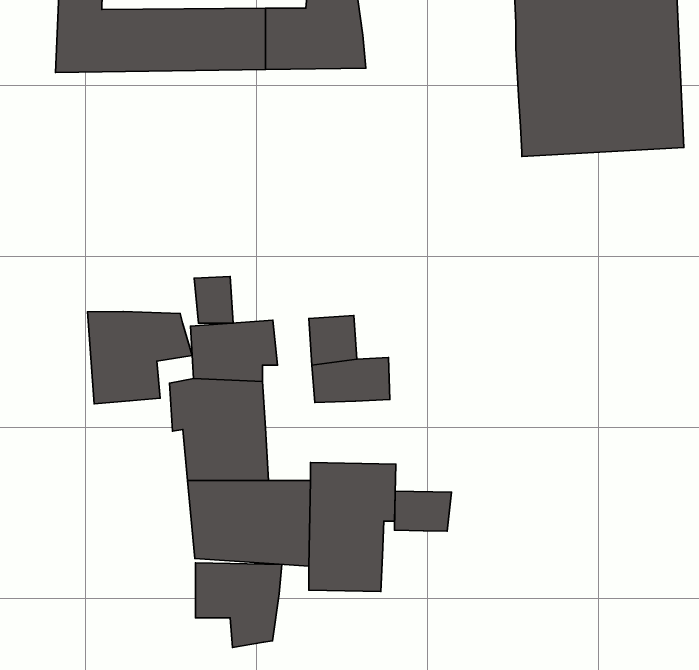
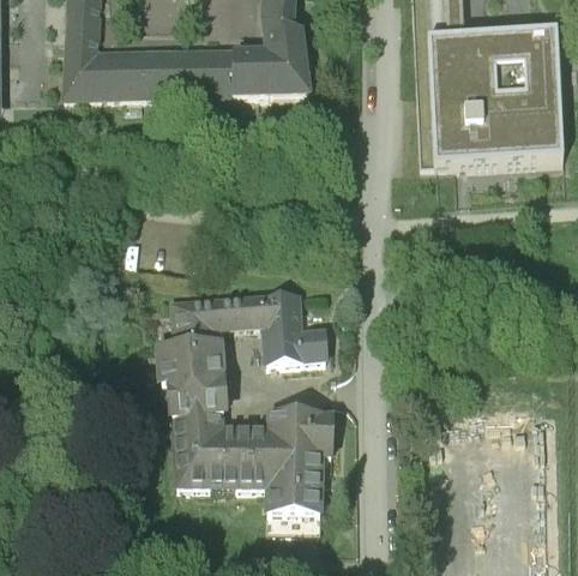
building: [194,277,233,323] -> [234,294,265,331]
building: [87,311,192,404] -> none
building: [394,491,452,531] -> none
building: [195,563,282,647] -> none

